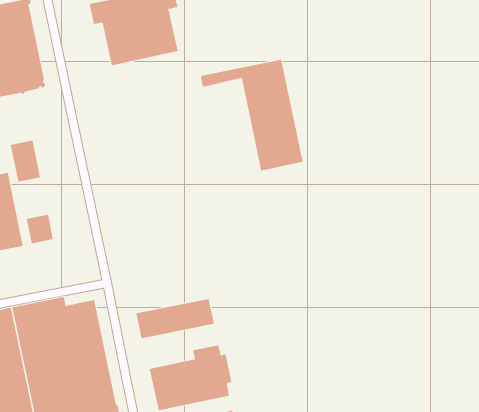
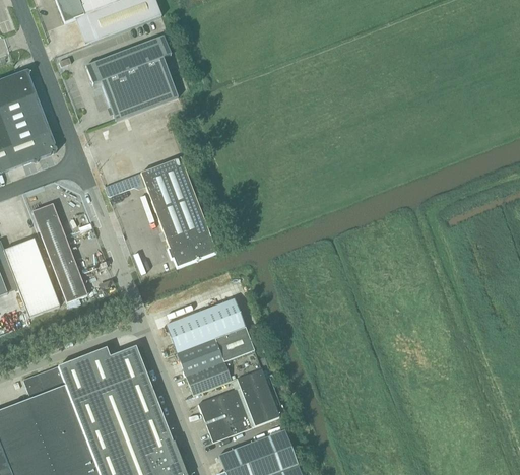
building: [200,59,304,171] -> [105,157,216,267]
building: none -> [45,238,79,279]
building: none -> [166,298,245,352]
building: none -> [186,350,261,395]

